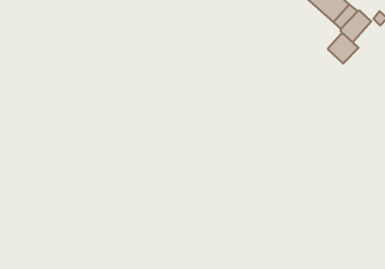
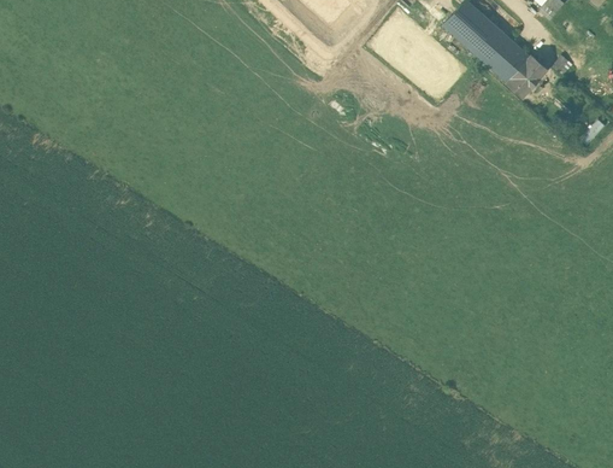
building: [328,34,359,63] -> none

